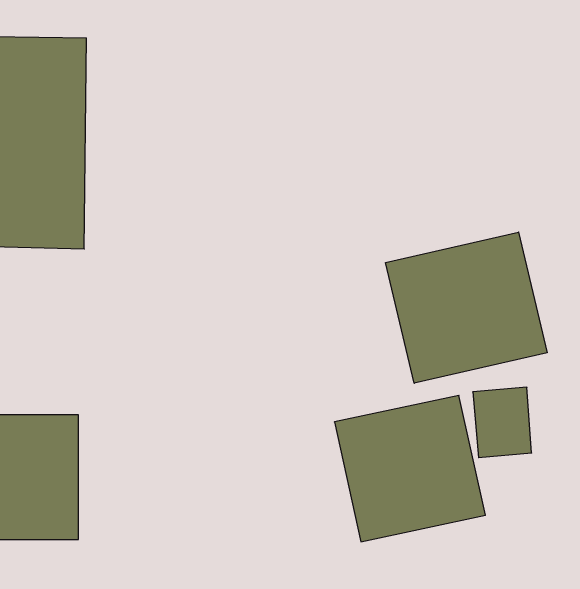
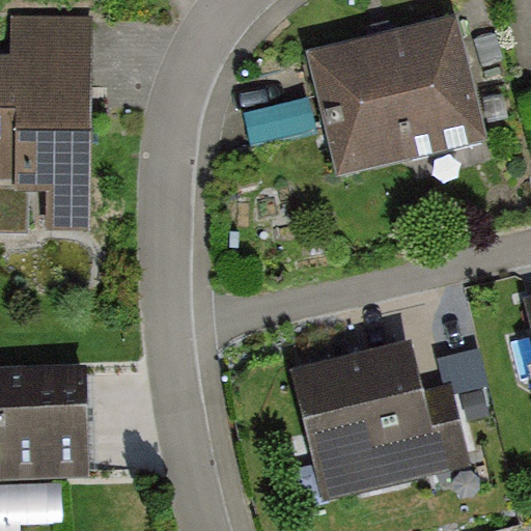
building: none -> [320,21,490,156]
building: [386,232,547,383] -> none

